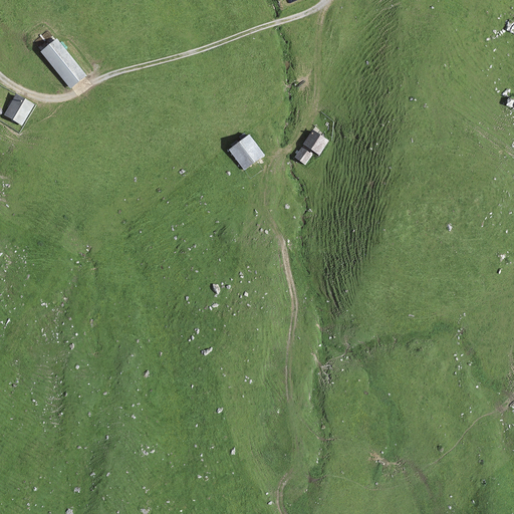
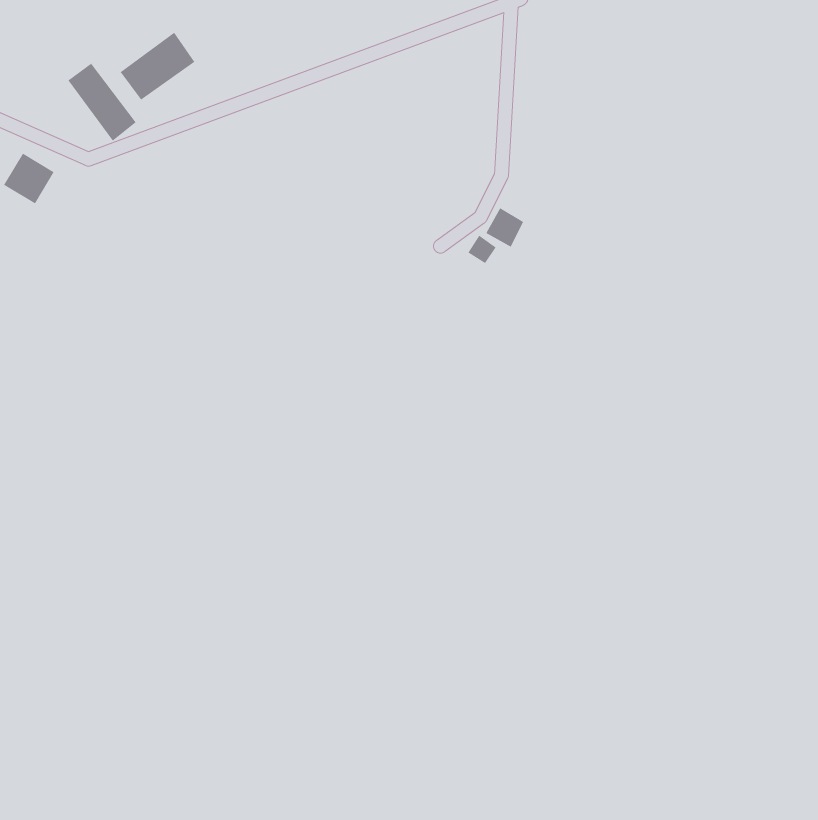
building: none -> [120,32,195,100]
building: [227,133,263,169] -> none

